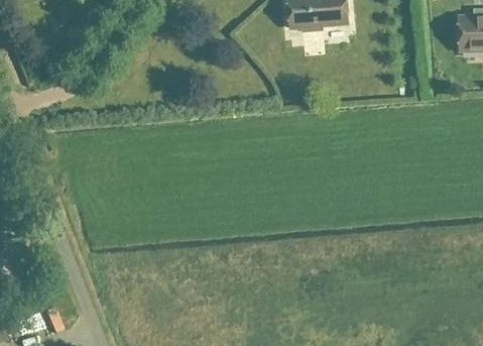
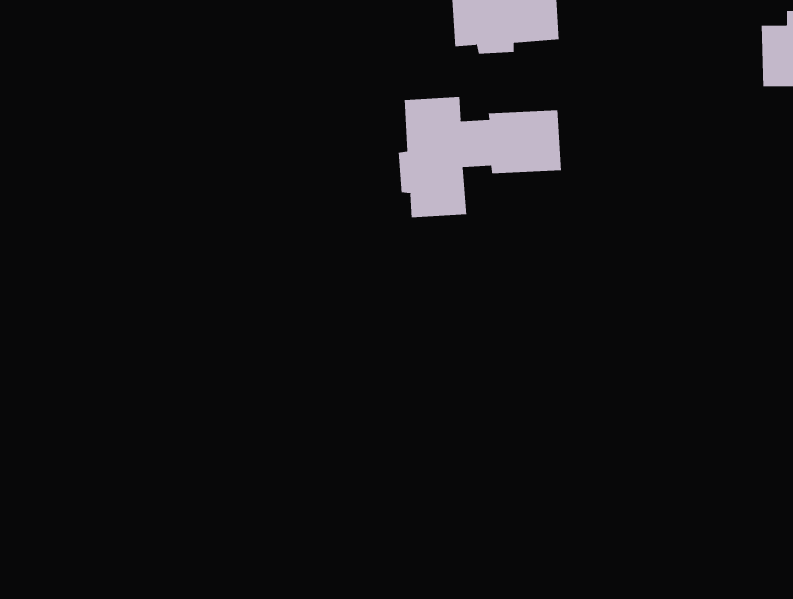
building: none -> [398,96,561,218]

